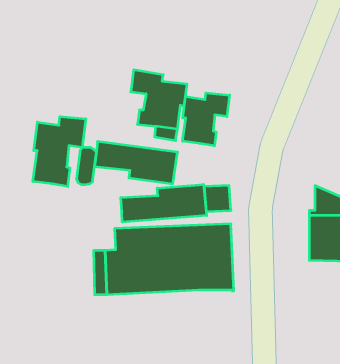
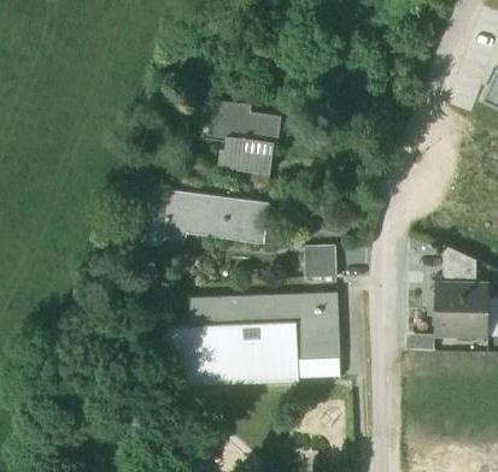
building: [183,93,230,146] -> none
building: [33,117,86,187] -> none
building: [121,184,207,222] -> none

